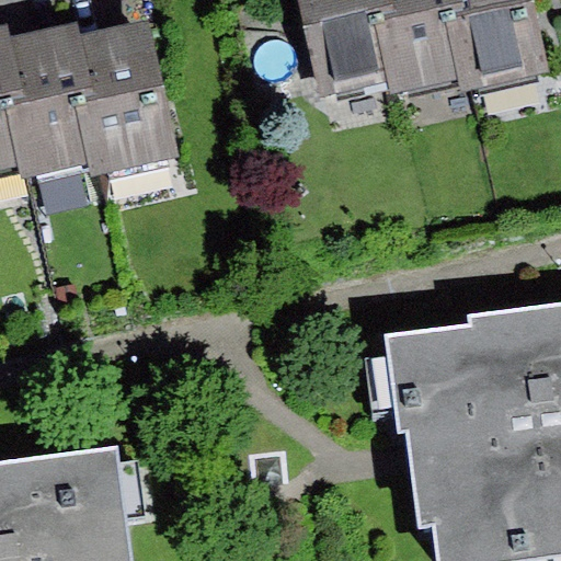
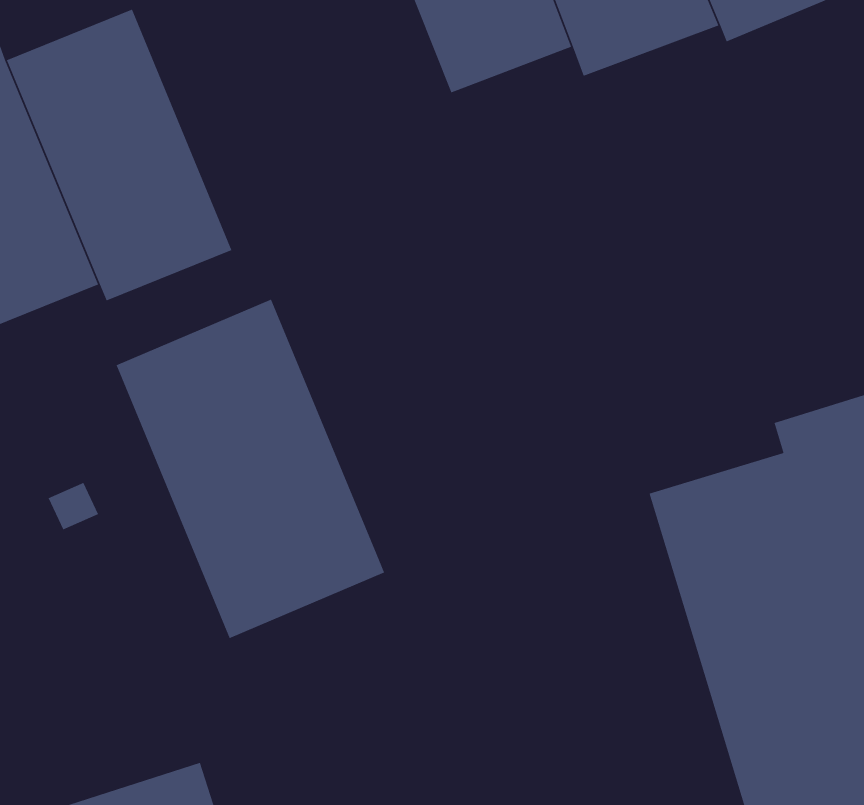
building: none -> [116,299,385,639]

